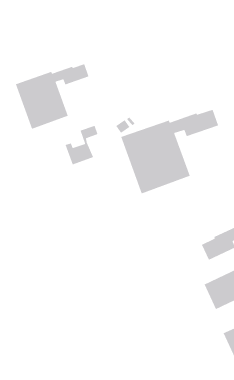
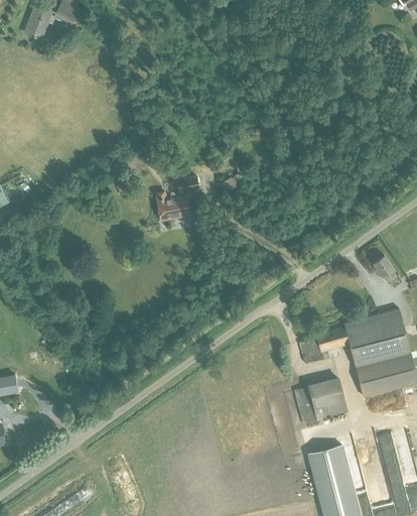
building: [15,63,90,130] -> none
building: [120,109,219,194] -> none

